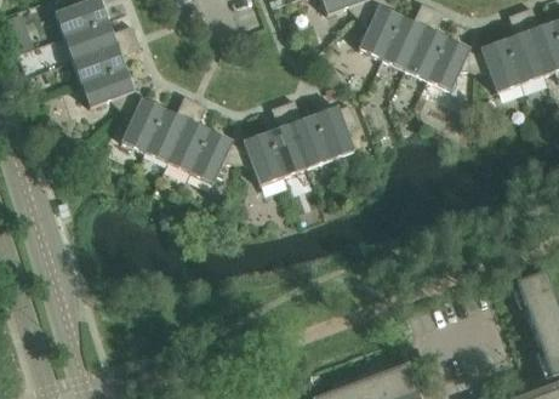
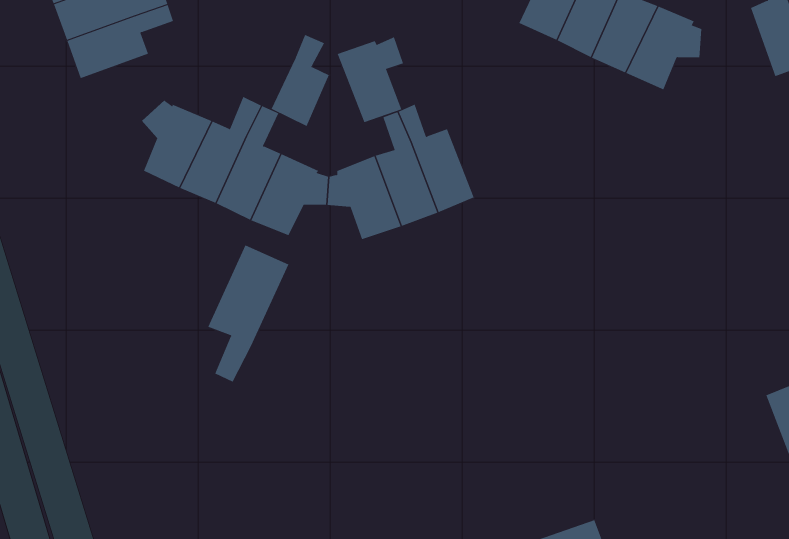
building: [473,38,520,91] -> none
building: none -> [271,34,329,127]
building: [80,67,133,109] -> none
building: [313,103,355,158] -> [337,37,404,123]
building: none -> [207,245,289,382]

